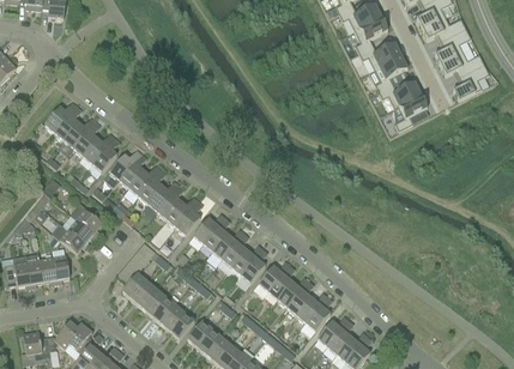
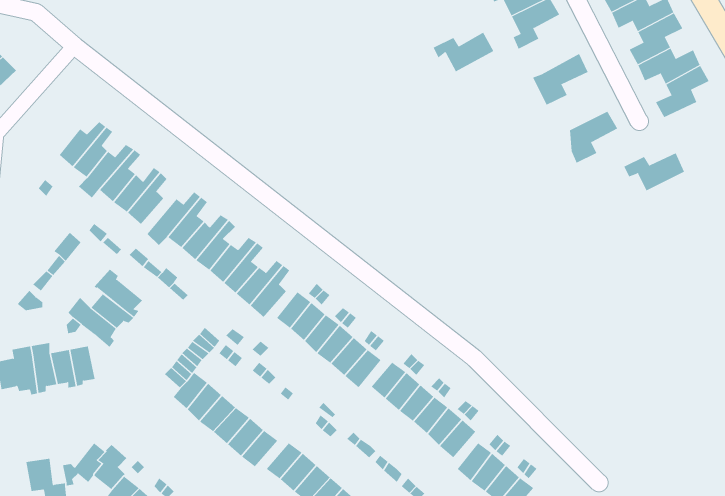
building: [358,41,400,68] -> [433,32,494,72]
building: [377,80,419,107] -> [623,153,685,191]

